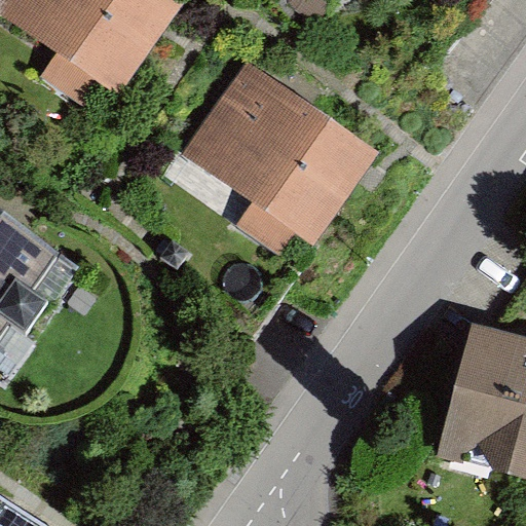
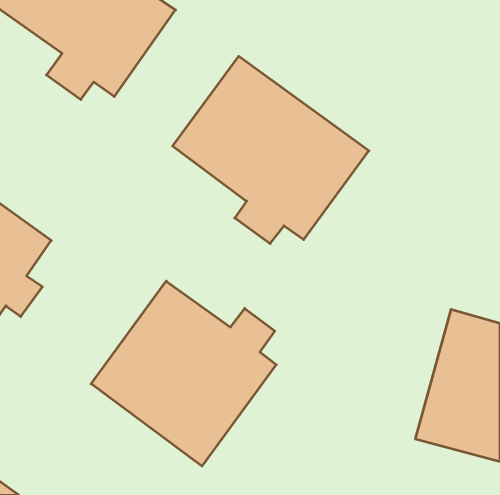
building: none -> [91,281,276,466]

